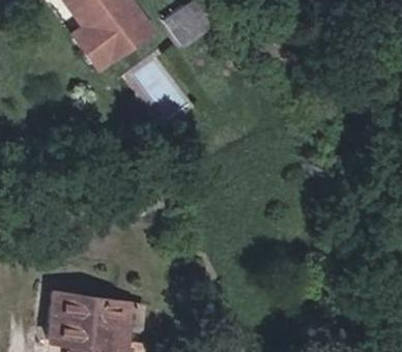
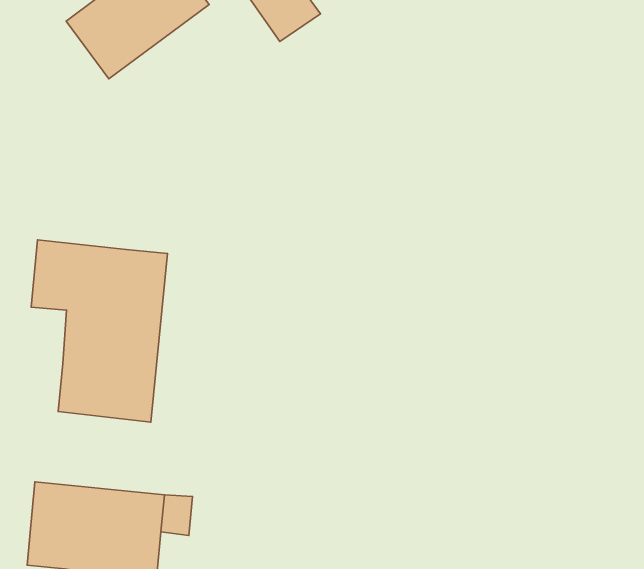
building: none -> [31,240,168,422]

